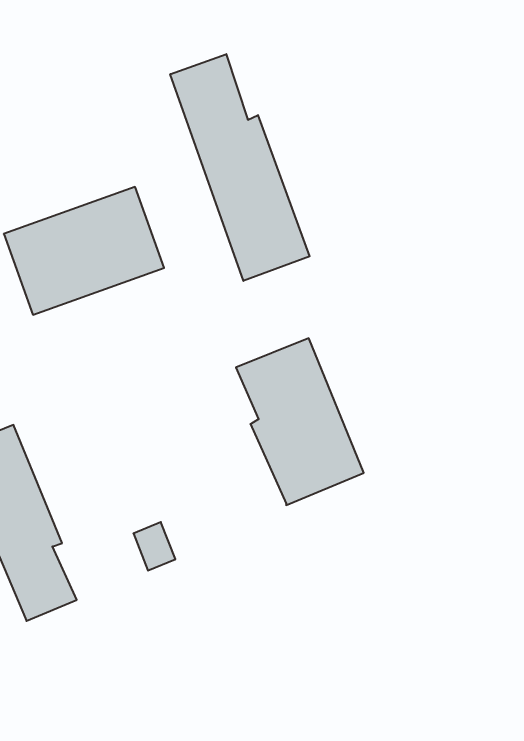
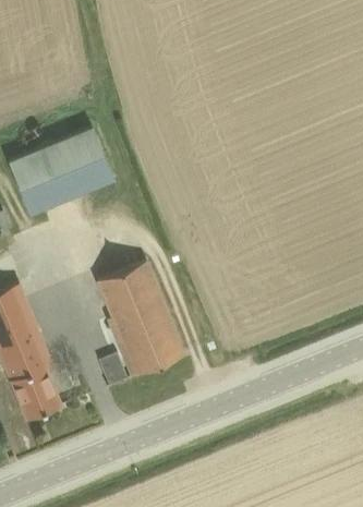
building: [170,54,310,281] -> none
building: [236,338,364,505] -> [98,264,184,376]

